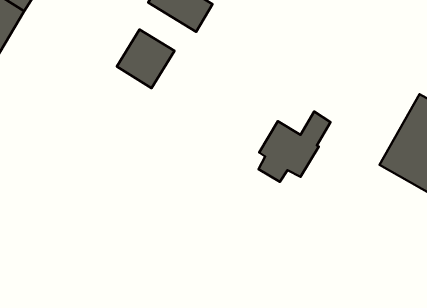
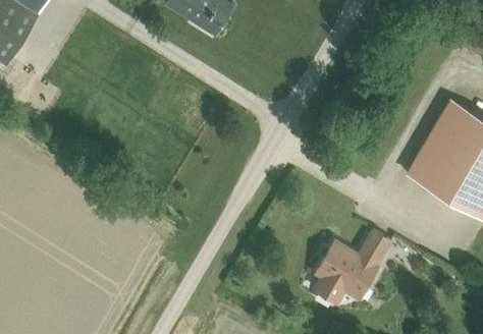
building: [117,29,174,88] -> none
building: [258,111,331,182] -> [315,231,390,304]

